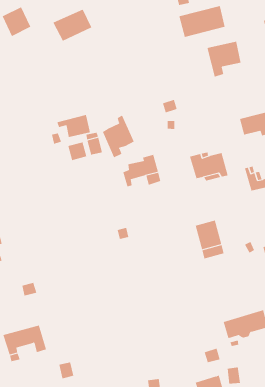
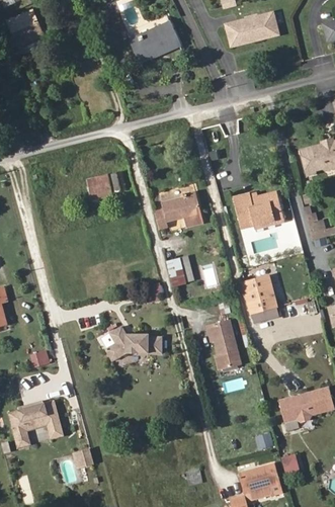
building: [53,9,92,42] -> [130,23,178,64]
building: [207,41,241,78] -> none
building: [57,114,90,138] -> none
building: [102,115,134,158] -> none
building: none -> [164,256,194,288]
building: none -> [212,320,242,370]
building: none -> [106,329,164,363]

